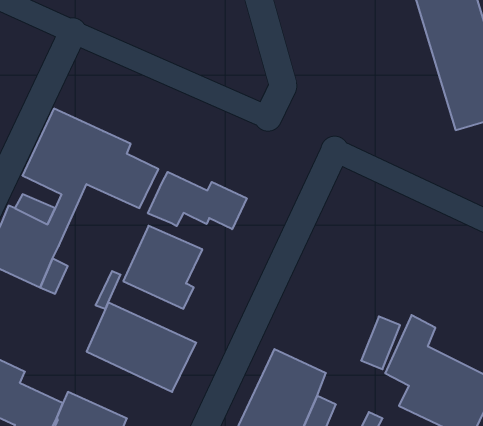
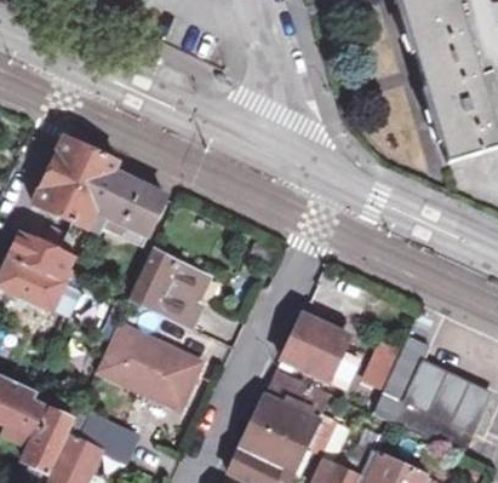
building: [148,172,247,229] -> none
building: none -> [282,314,359,387]

